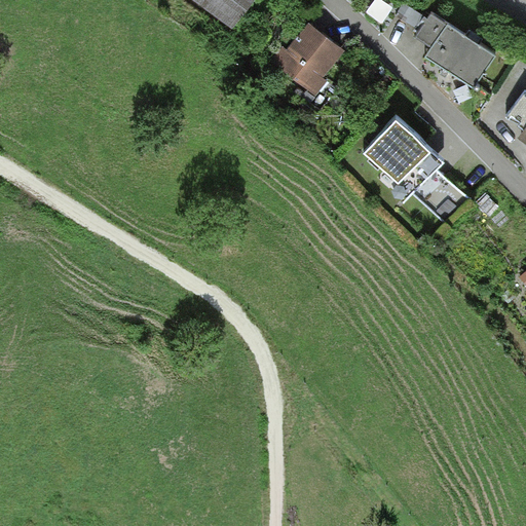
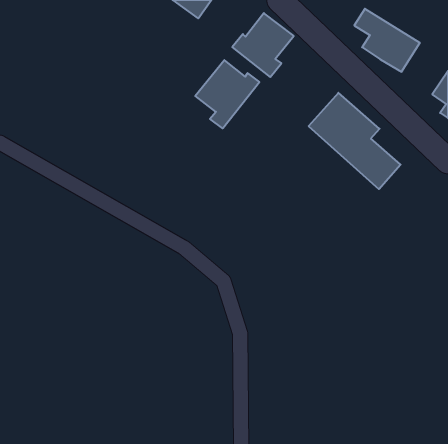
building: none -> [195,60,259,128]

